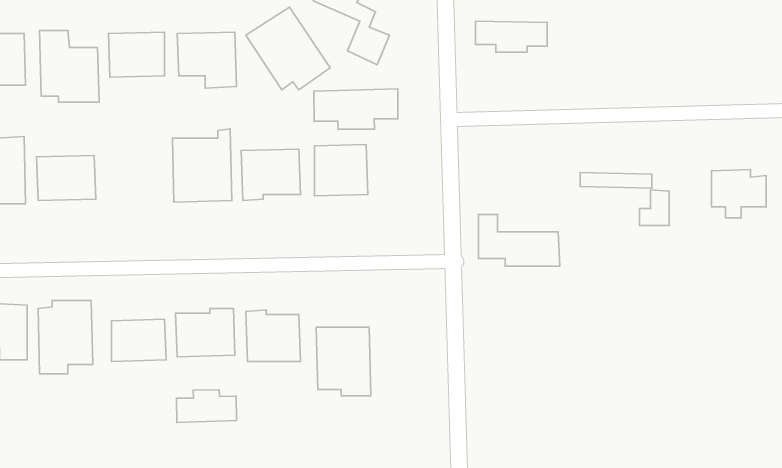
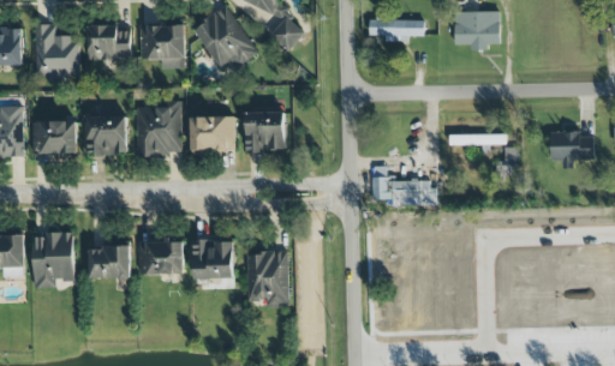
building: none -> [453,11,500,49]
building: [314,89,398,129] -> none
building: none -> [85,115,126,156]
building: [177,390,237,422] -> none

